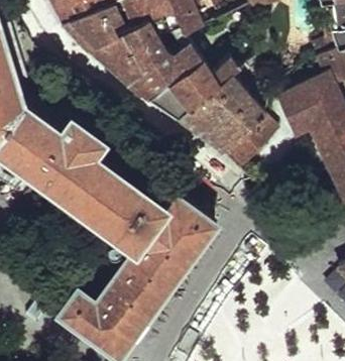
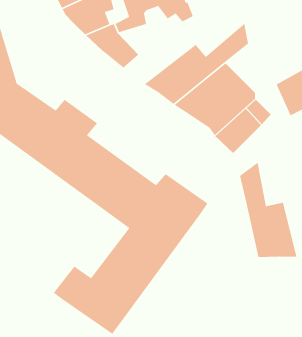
building: [127,20,202,100] -> none
building: none -> [239,161,298,258]

